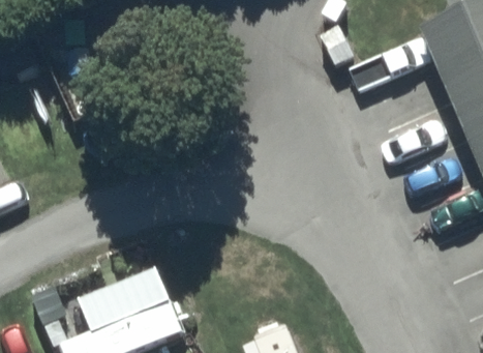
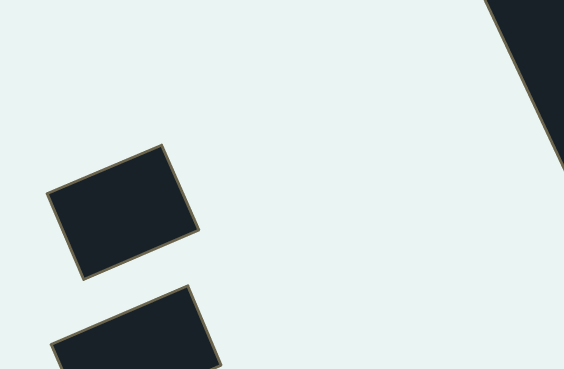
building: none -> [47,145,199,280]

